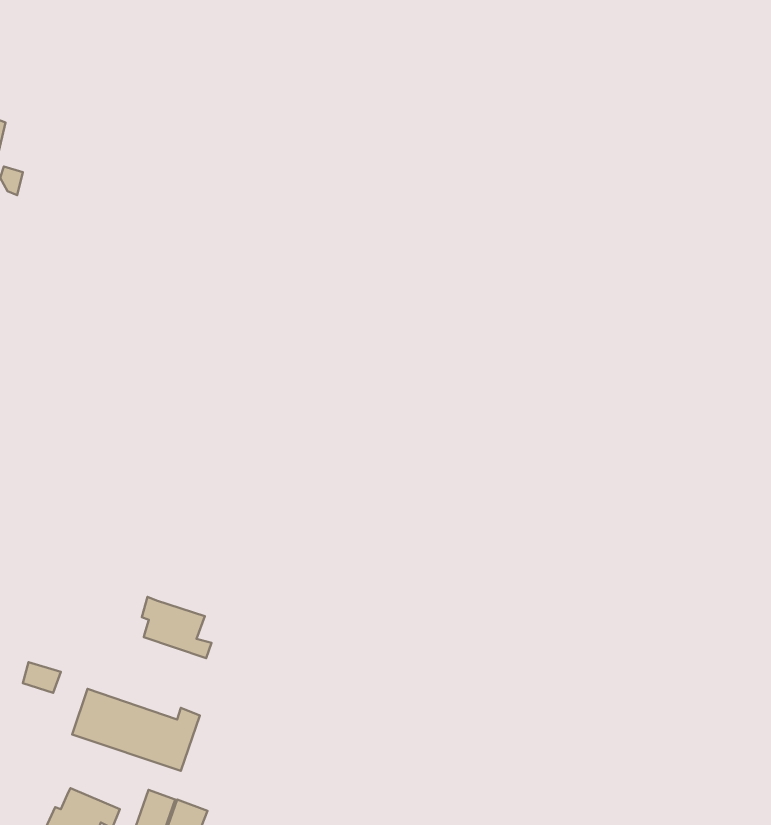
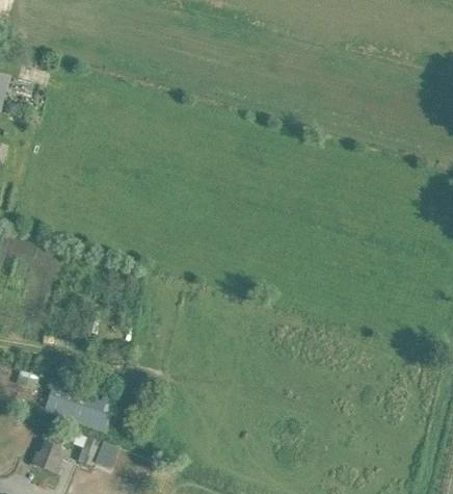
building: [142,597,212,658] -> none

